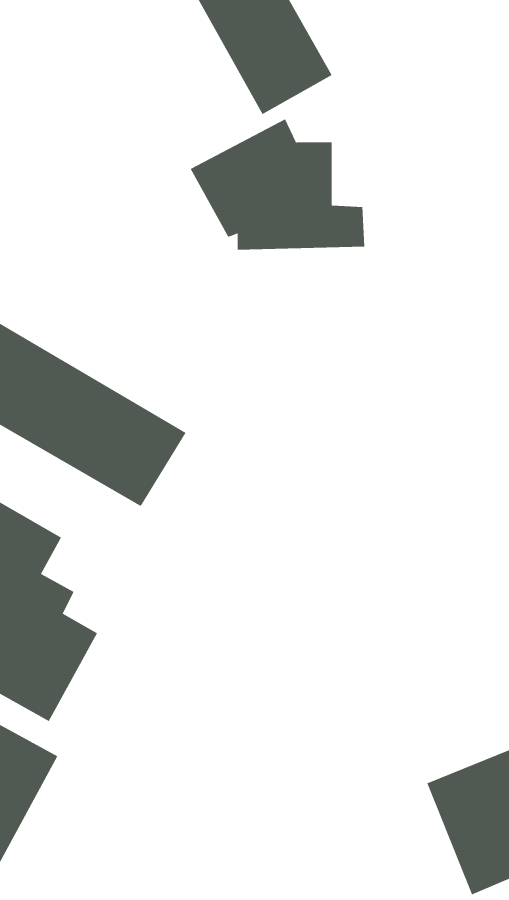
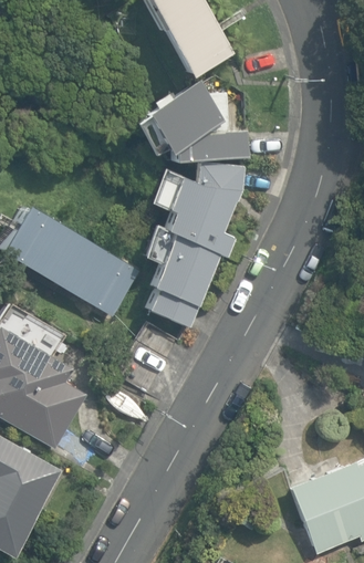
building: none -> [143,160,247,327]

